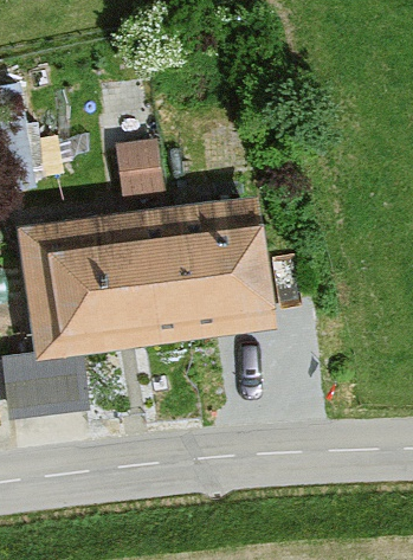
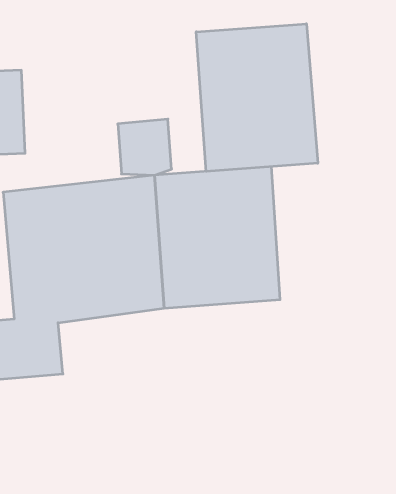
building: none -> [196,24,318,171]

